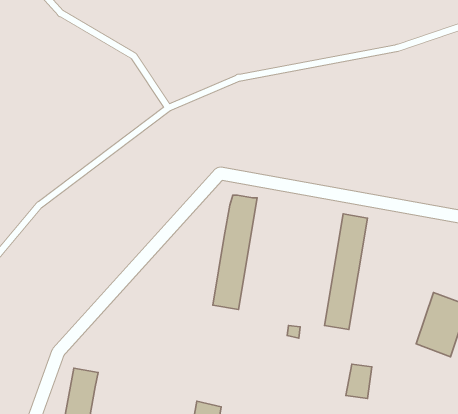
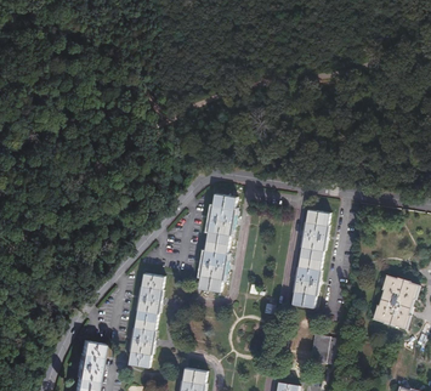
building: none -> [129,272,165,366]

